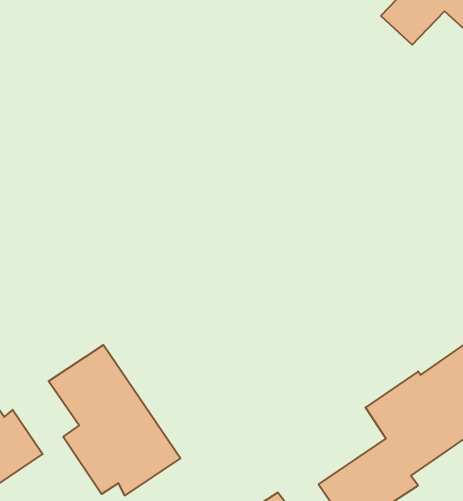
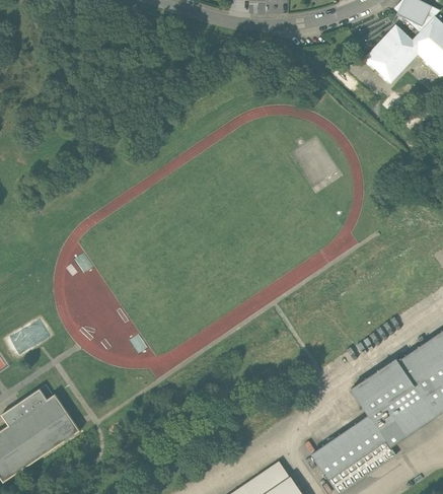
building: [49,345,180,496] -> none

